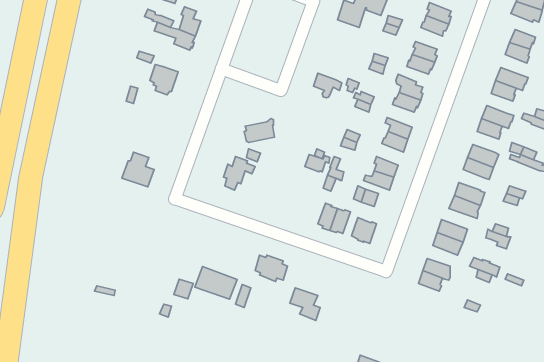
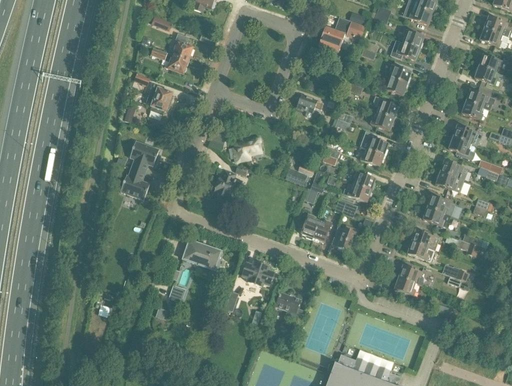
building: none -> [130,141,159,172]
building: [195,267,237,299] -> [183,239,222,269]

